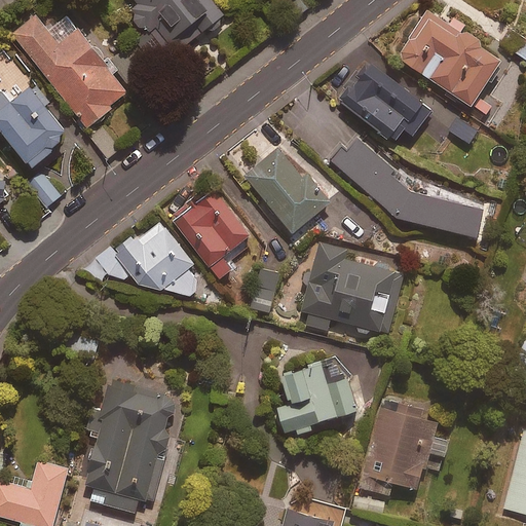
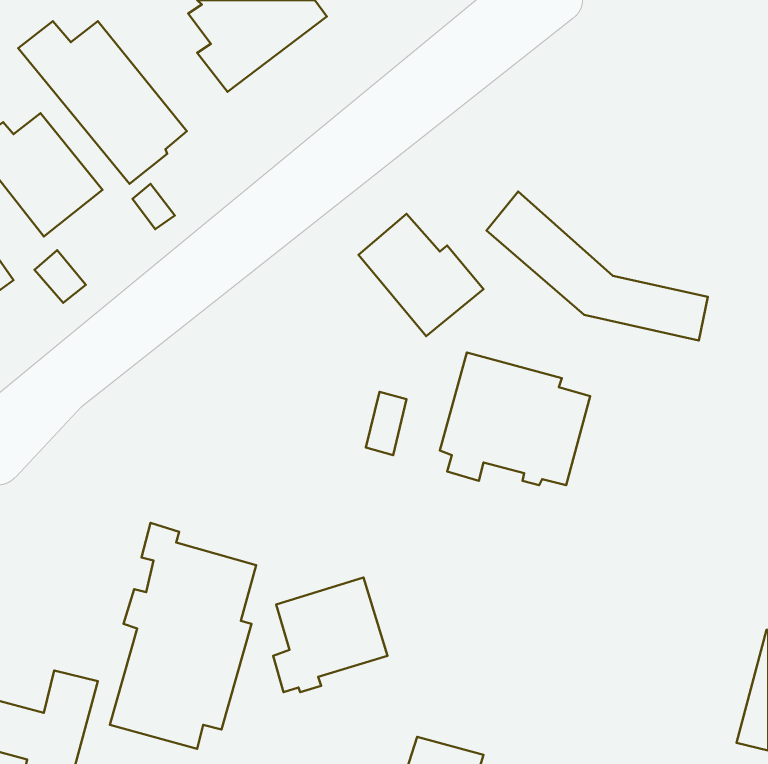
building: [397,11,500,117] -> none
building: [341,61,431,142] -> none
building: [171,187,249,279] -> none
building: [99,219,195,297] -> none
building: [277,355,355,434] -> [273,577,387,692]
building: [360,400,447,496] -> none

